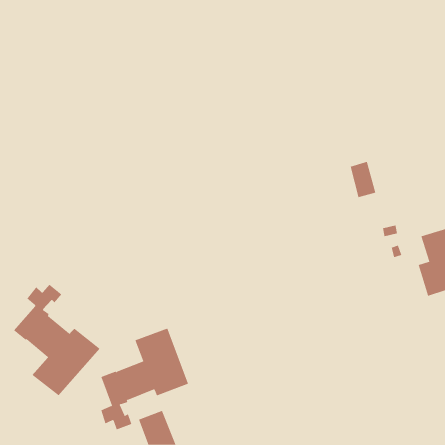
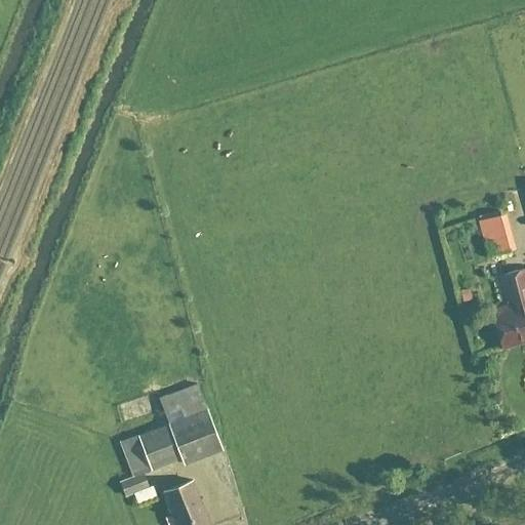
building: [350,161,376,198] -> [481,213,512,256]
building: [13,284,101,396] -> none

